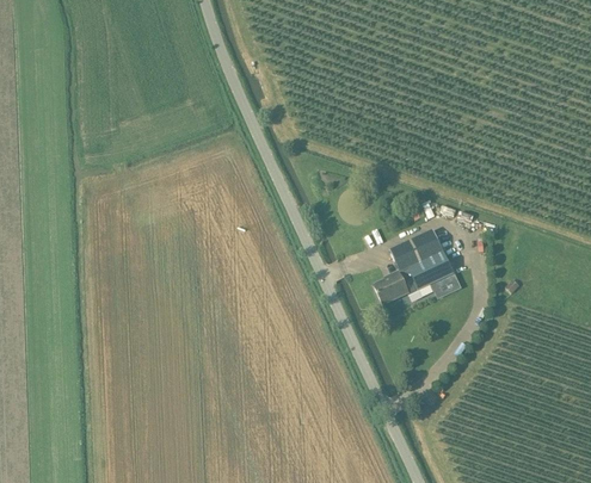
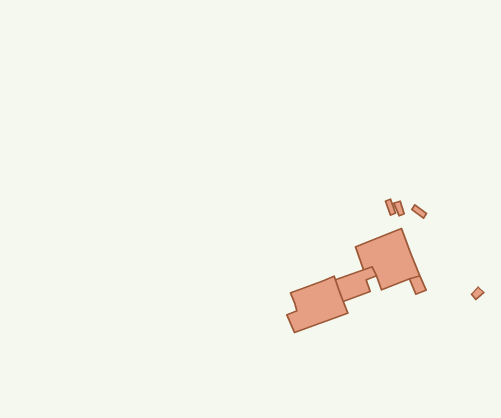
building: none -> [287,276,348,332]

